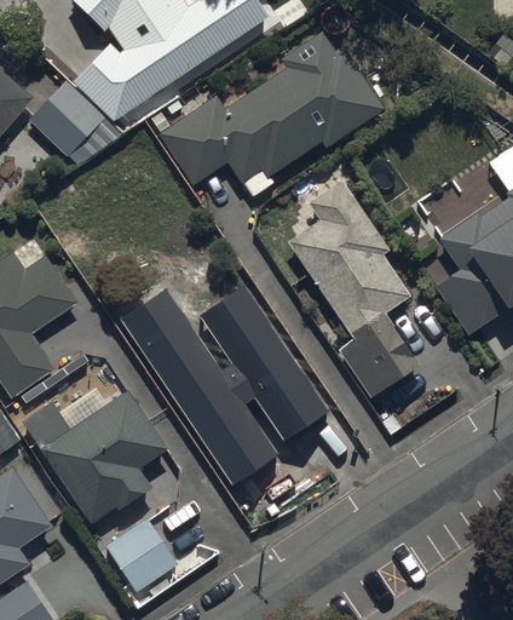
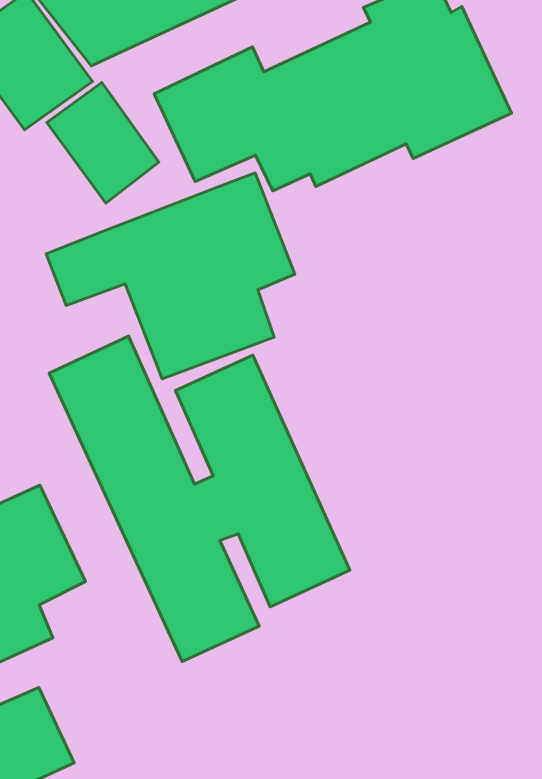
building: none -> [47,82,159,203]
building: none -> [46,173,295,379]
building: [287,179,419,398] -> none

